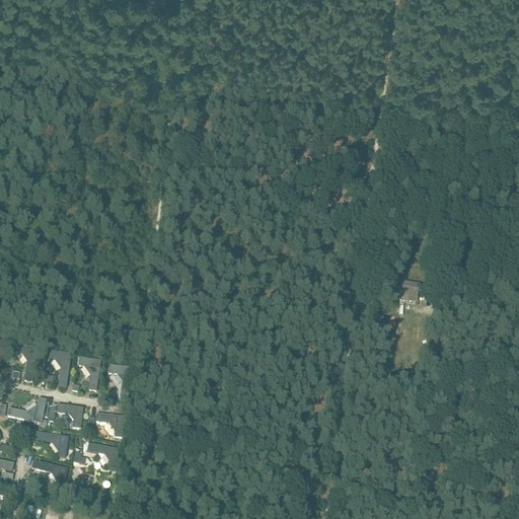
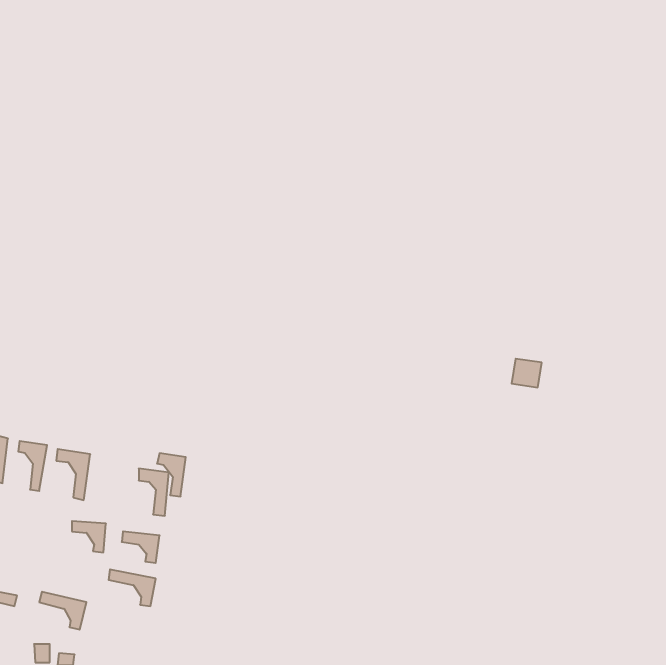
building: [77,356,99,389] -> [157,453,186,496]
building: [6,396,46,422] -> none
building: [31,430,67,456] -> none

